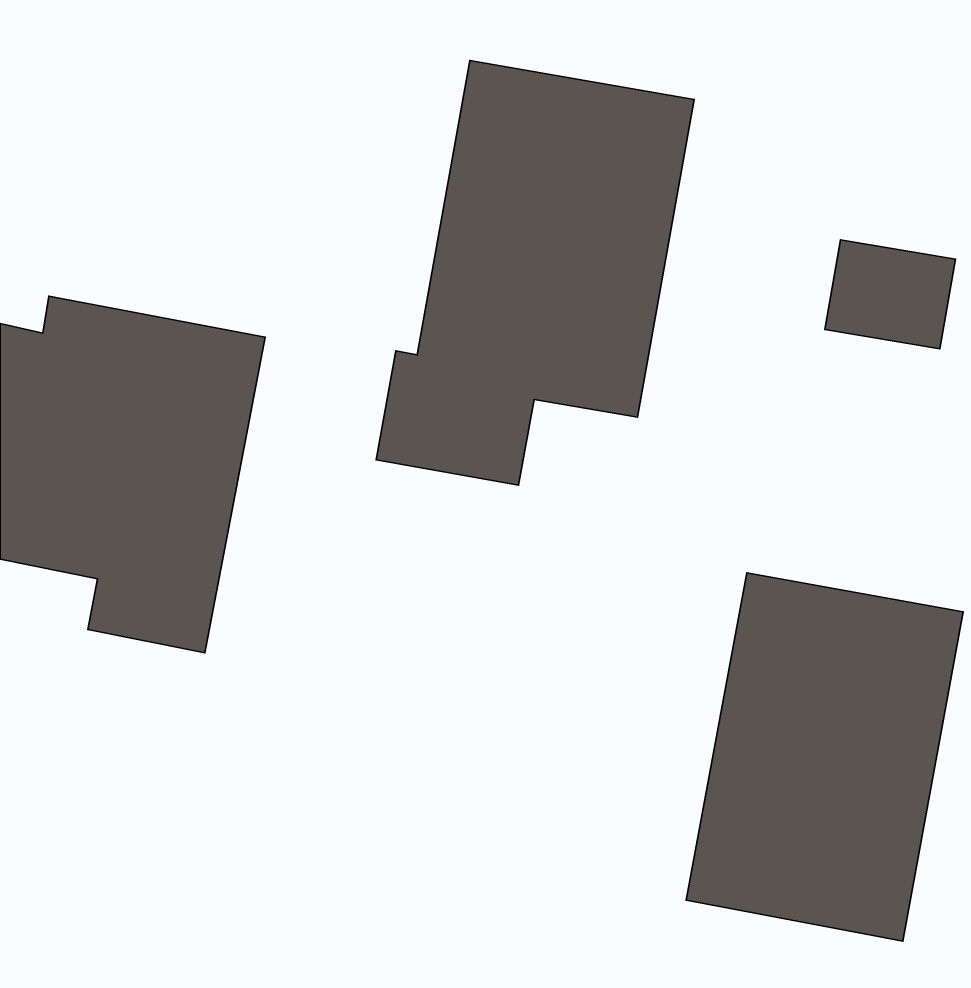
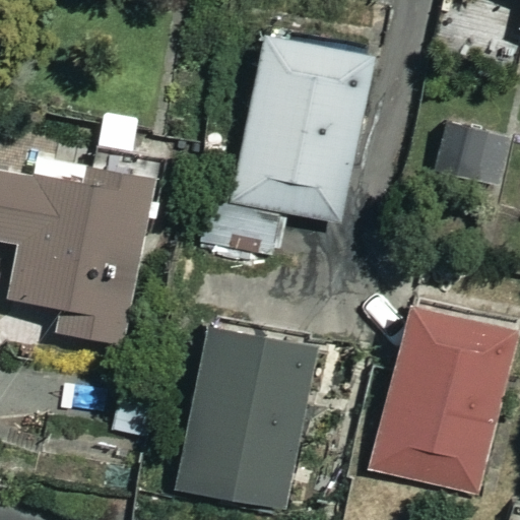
building: none -> [182,325,311,508]

